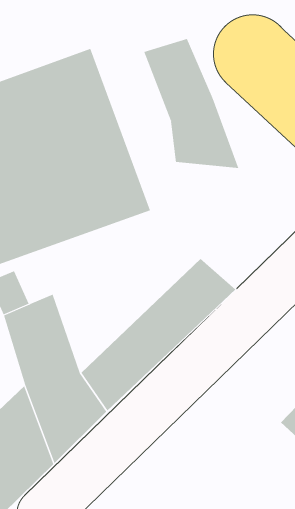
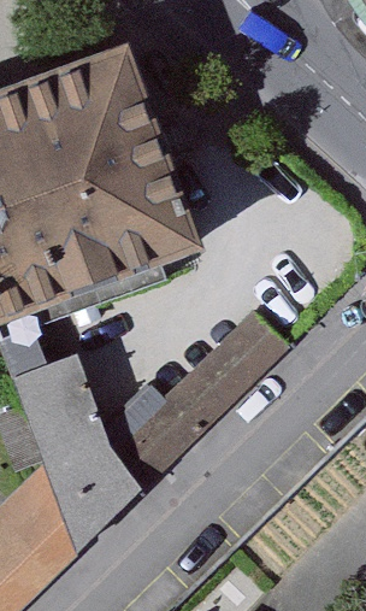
building: [143,38,239,169] -> none

